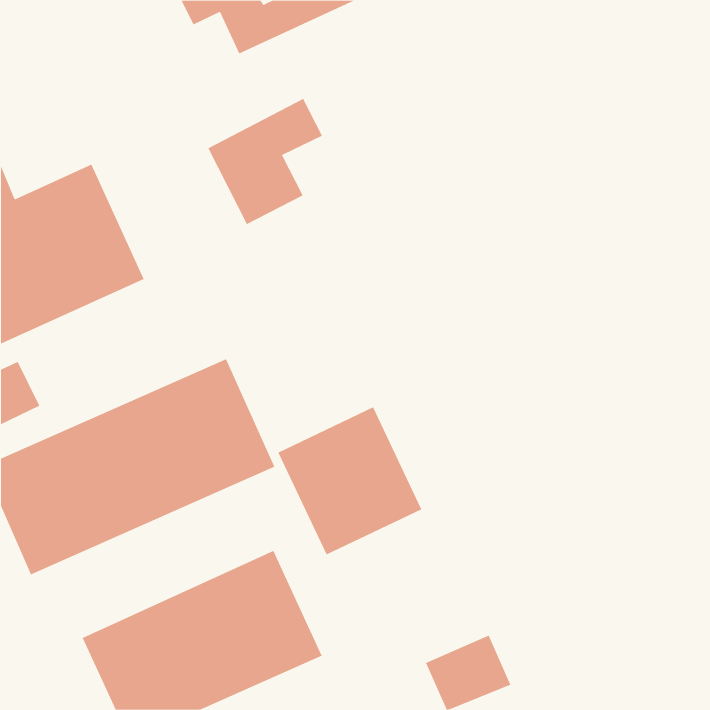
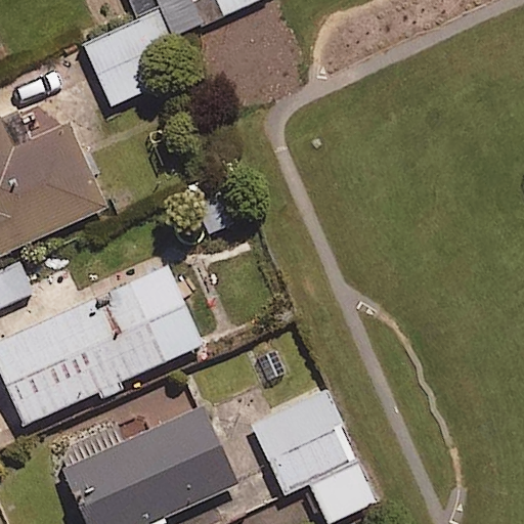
building: [208,98,323,225] -> [86,15,171,108]
building: [278,407,422,555] -> [253,387,359,496]

